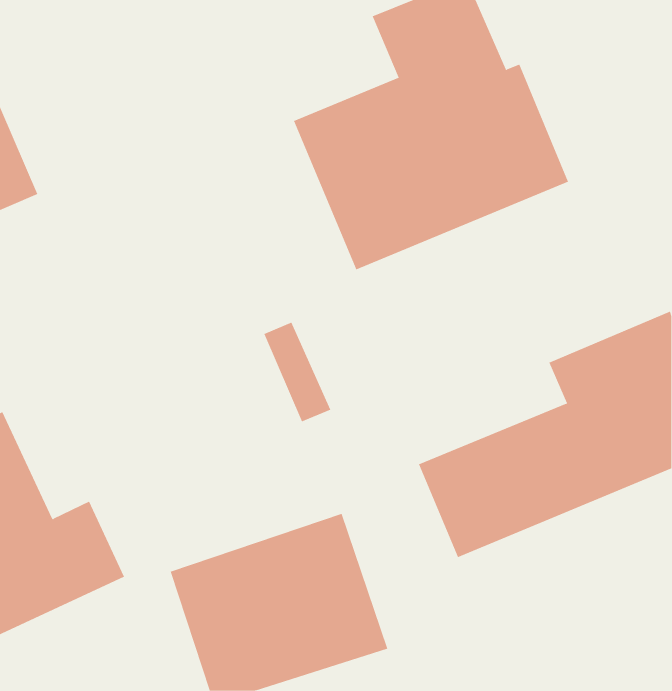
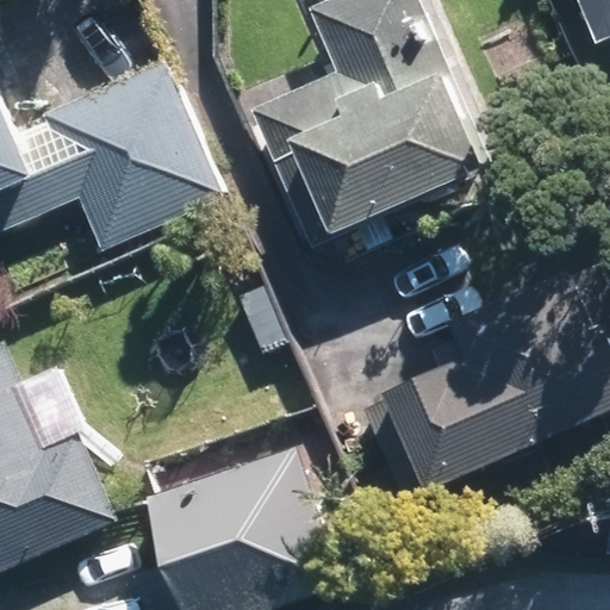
building: none -> [48,68,217,242]

